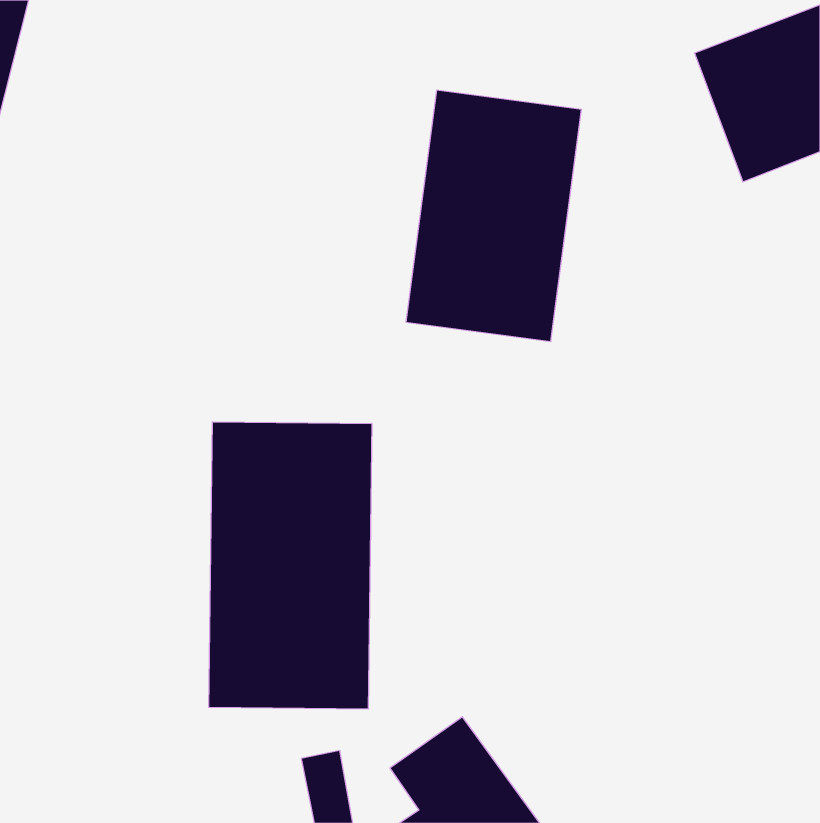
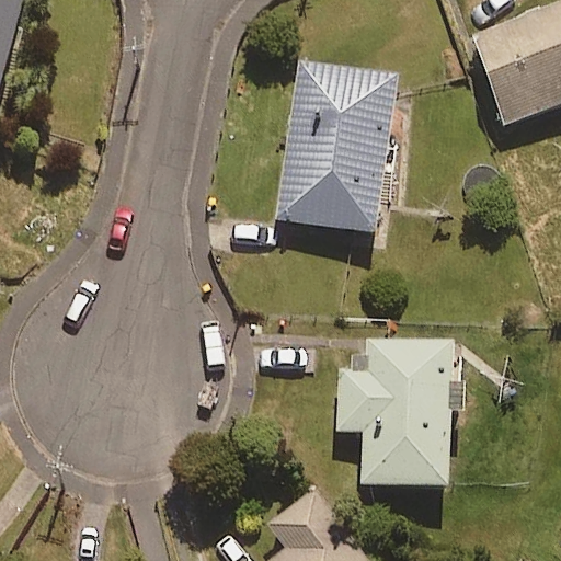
building: [209,422,372,709] -> none
building: none -> [337,341,469,484]

